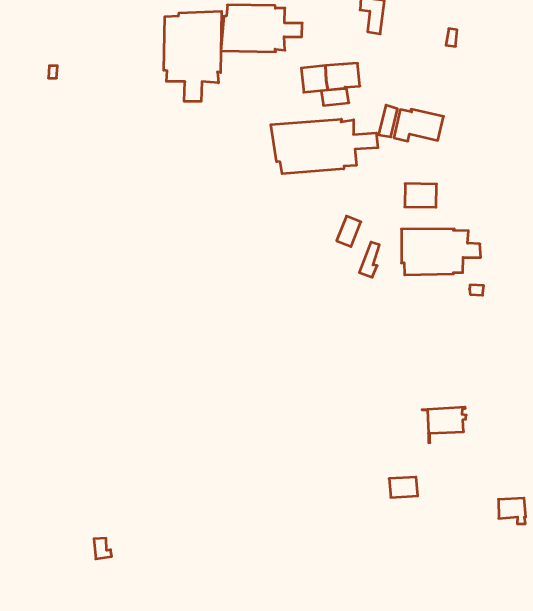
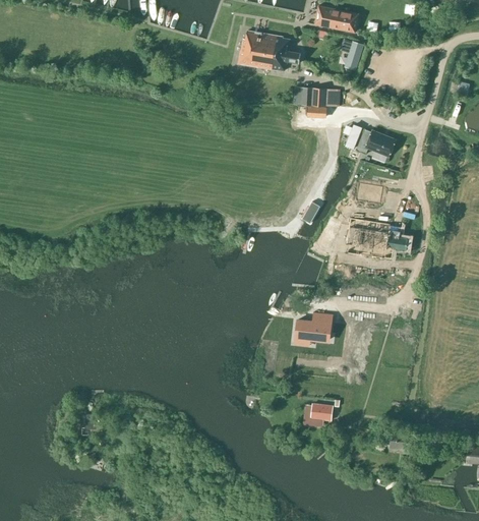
building: [164,11,222,101] -> none
building: [271,119,378,174] -> none
building: [422,407,466,443] -> [295,319,327,344]

